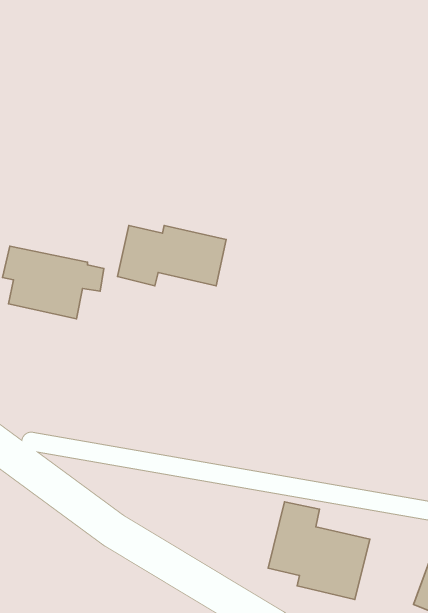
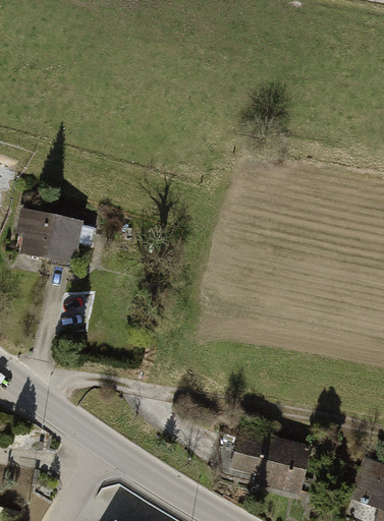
building: [117,225,226,286] -> none

